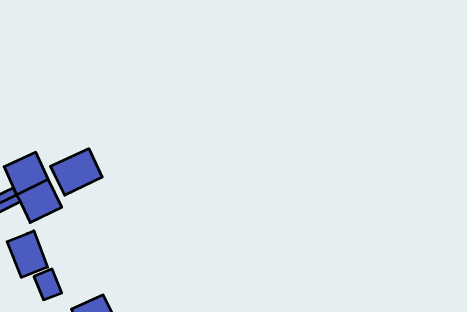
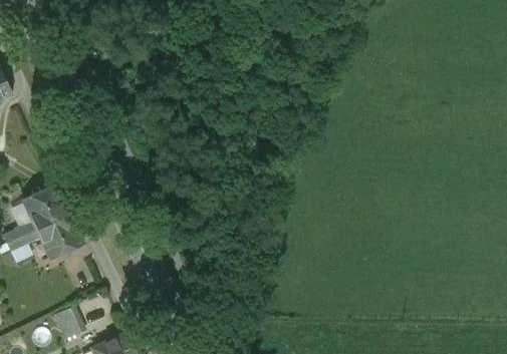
building: [50,149,102,195] -> none
building: [7,231,48,277] -> none

